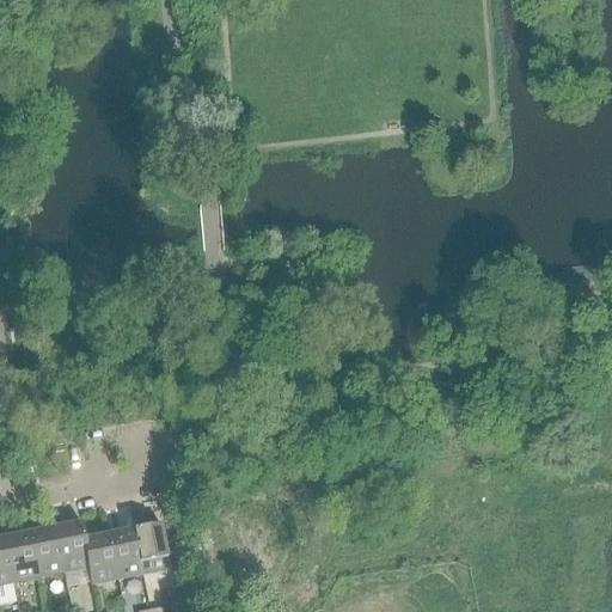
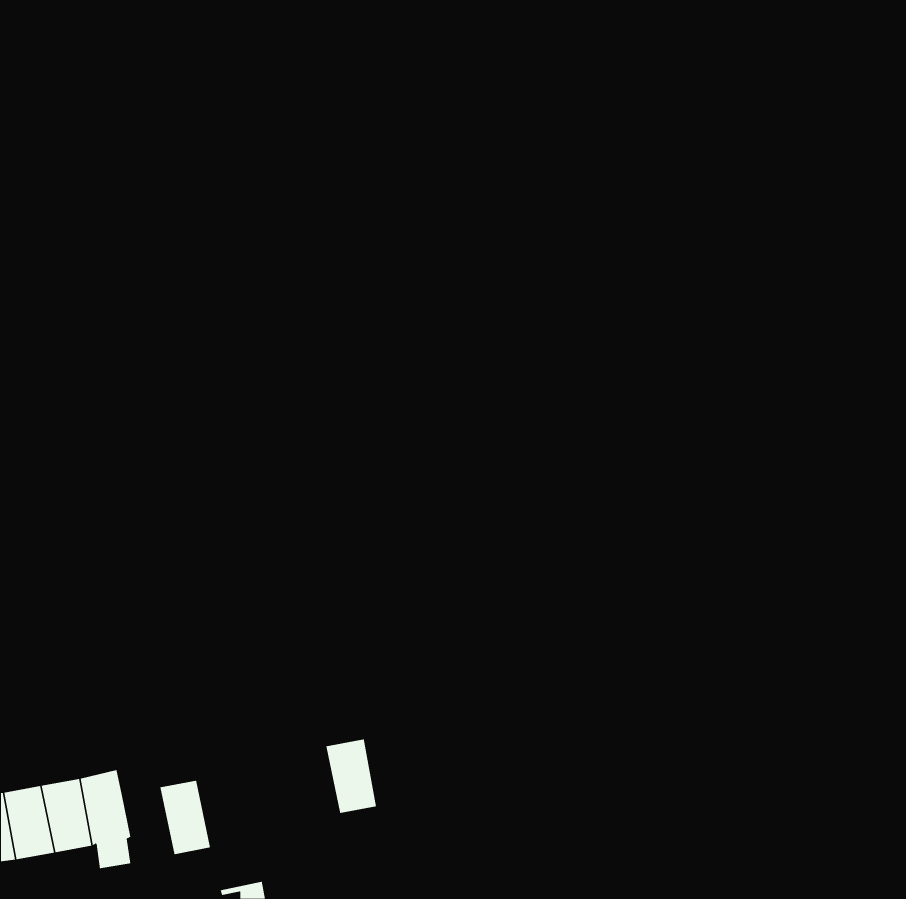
building: [133,521,167,571] -> [325,739,377,813]
building: [82,531,117,582] -> none

